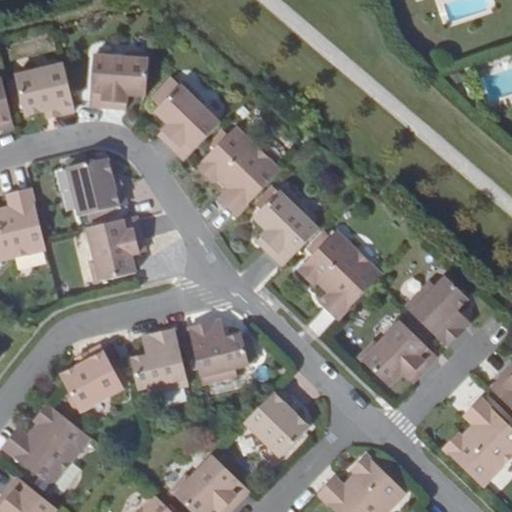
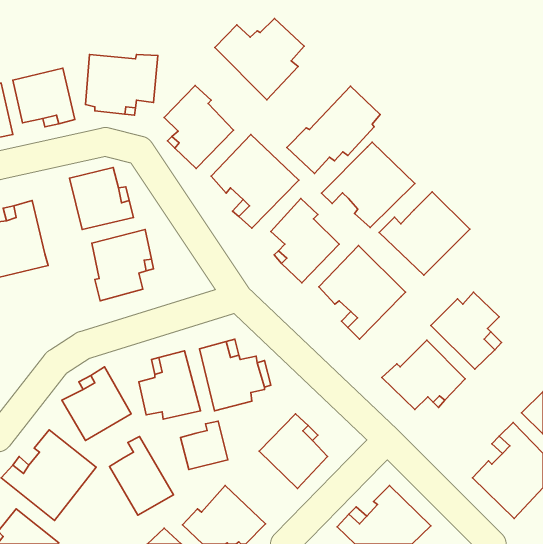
building: none -> [215,19,304,100]
building: none -> [287,86,380,174]
building: none -> [322,142,415,228]
building: none -> [379,192,470,275]
building: none -> [181,421,228,470]
building: none -> [110,436,173,515]

